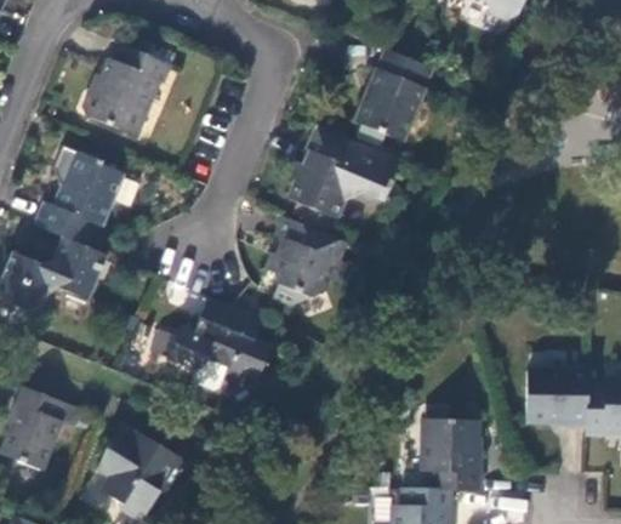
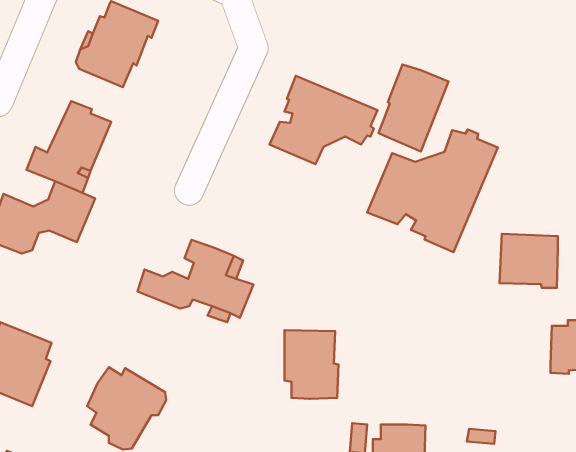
building: [359,47,433,139] -> [379,64,448,152]
building: none -> [367,129,498,252]
building: [266,213,352,303] -> none
building: [525,371,587,428] -> [499,234,558,288]
building: [427,420,484,492] -> [285,330,338,399]

